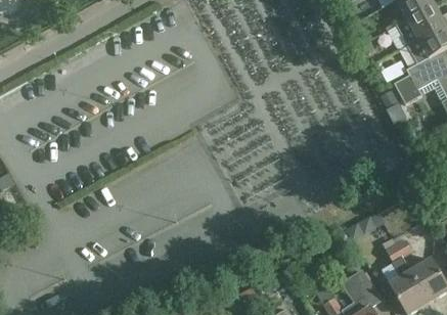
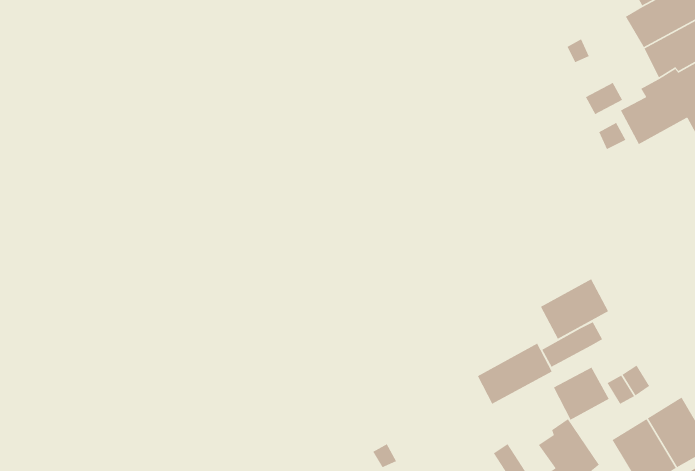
building: none -> [540,278,609,340]
building: none -> [477,343,553,405]
building: none -> [553,367,610,421]

